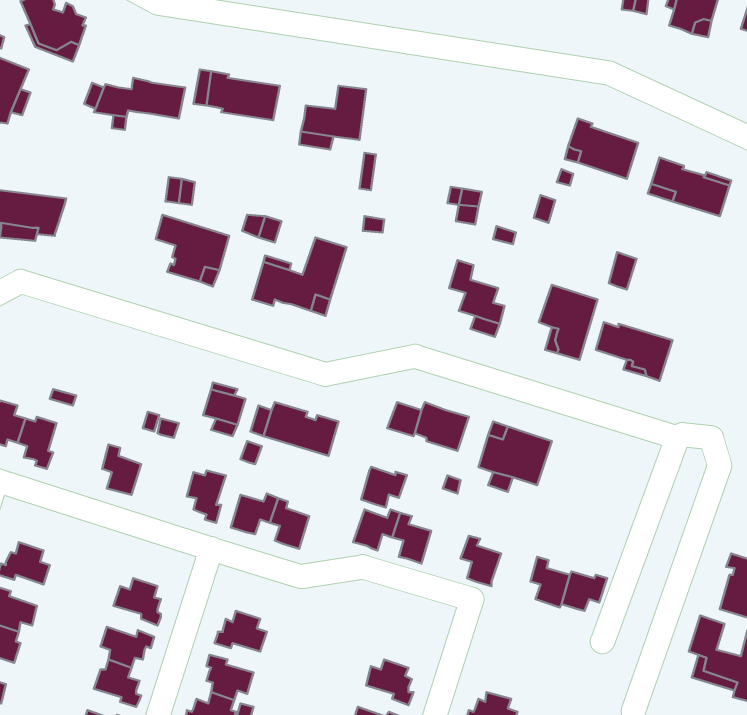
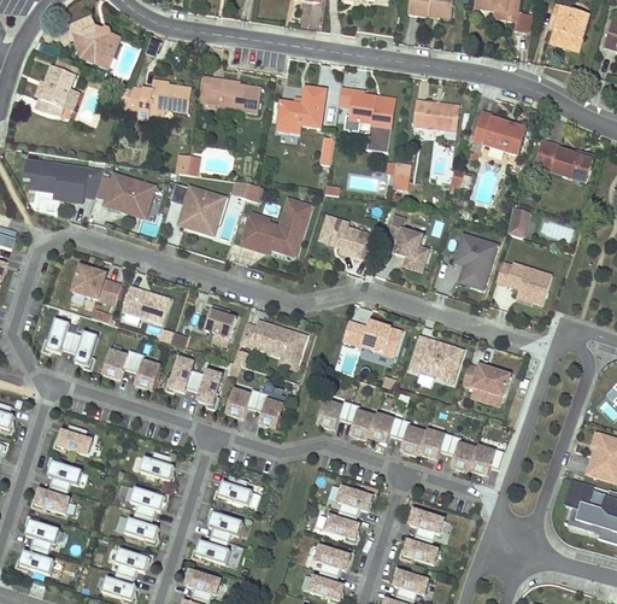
building: none -> [349,88,395,151]
building: none -> [412,99,459,130]
building: none -> [95,171,155,212]
building: none -> [319,215,377,258]
building: none -> [71,264,121,304]
building: none -> [122,286,170,322]
building: none -> [101,348,135,379]
building: none -> [164,357,198,392]
building: none -> [462,364,509,394]
building: [361,467,407,508] -> [368,412,401,442]
building: none -> [418,429,452,458]
building: none -> [337,486,376,516]
building: none -> [409,504,443,539]

